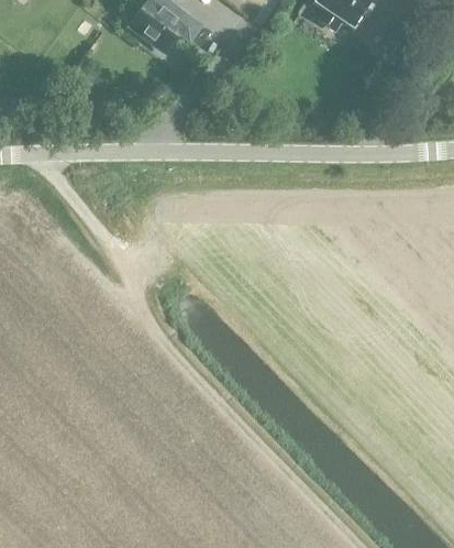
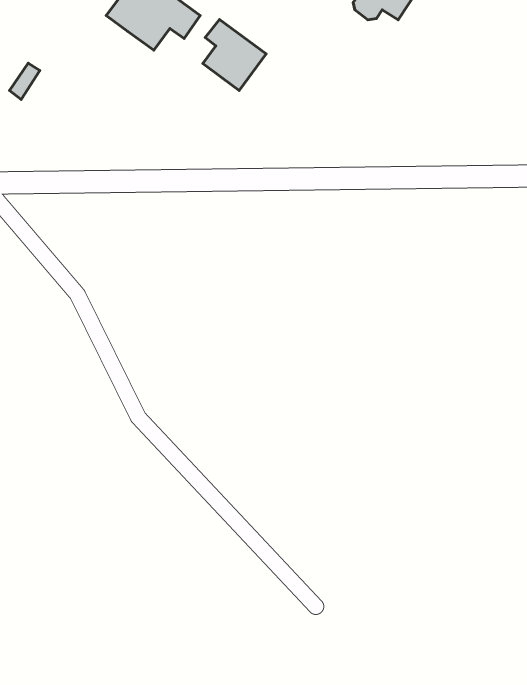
building: none -> [203,20,266,91]

